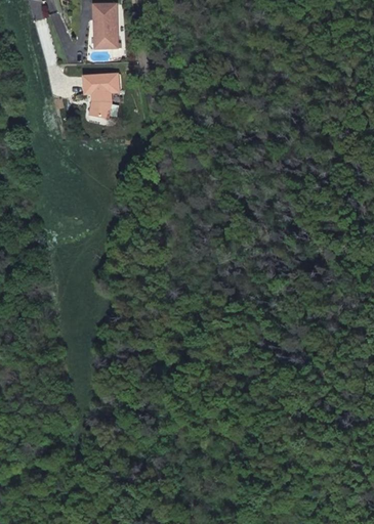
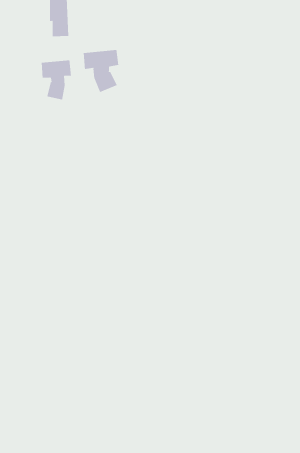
building: none -> [83,49,119,93]

